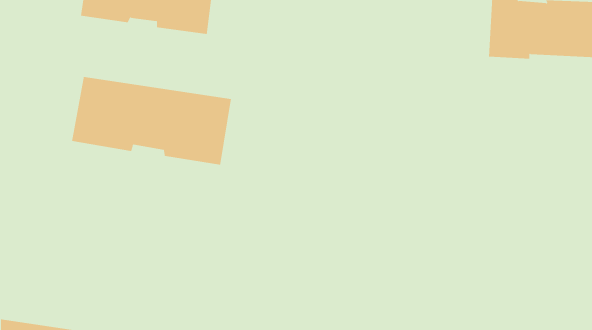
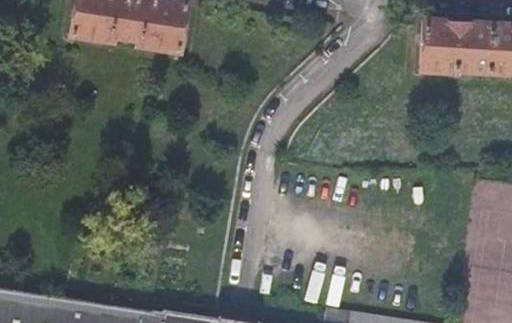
building: [71,76,231,165] -> none

